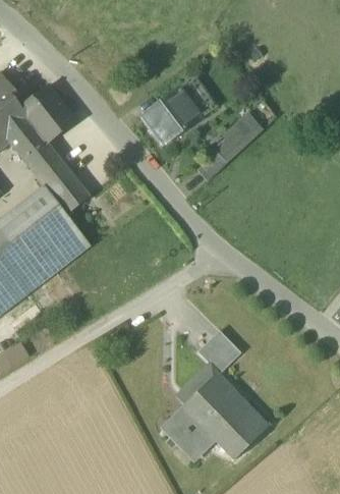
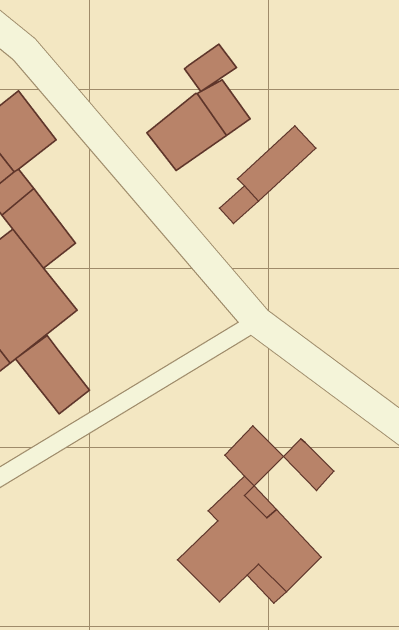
building: none -> [185,44,236,92]
building: none -> [15,336,89,414]
building: none -> [284,439,334,490]

